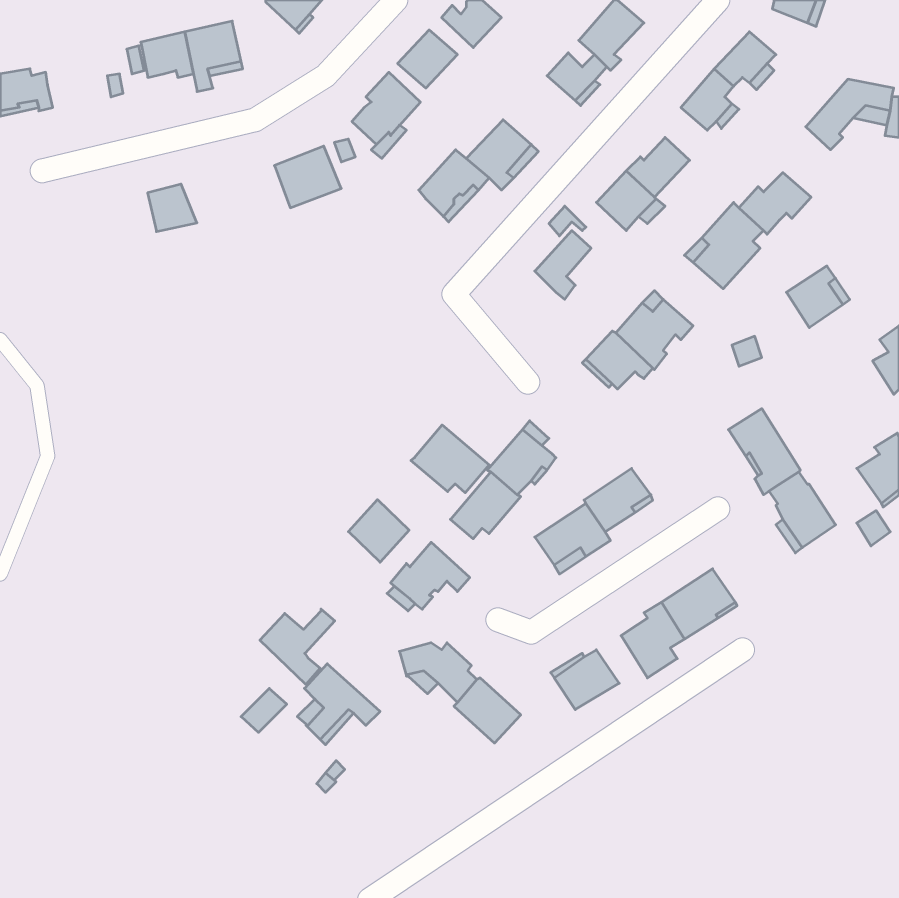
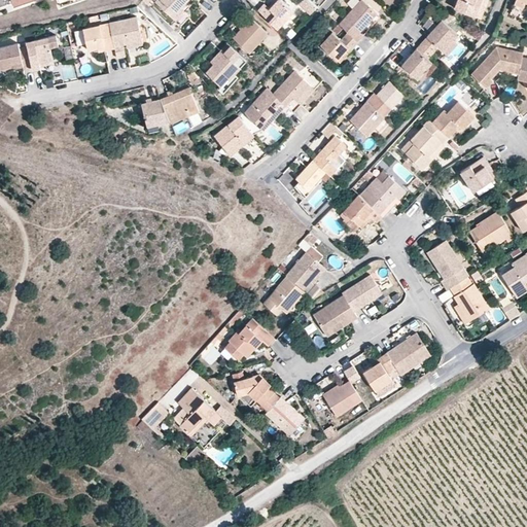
building: none -> [26,32,58,67]
building: [148,184,197,232] -> [141,98,170,126]
building: none -> [214,116,254,155]
building: none -> [294,160,325,198]
building: none -> [469,211,513,253]
building: [411,425,489,493] -> none
building: [348,500,409,562] -> none
building: [260,609,335,684] -> none

